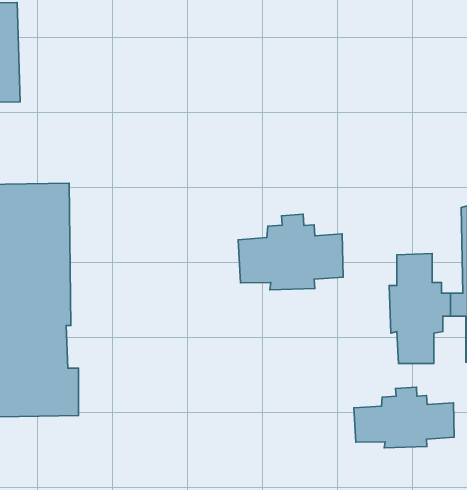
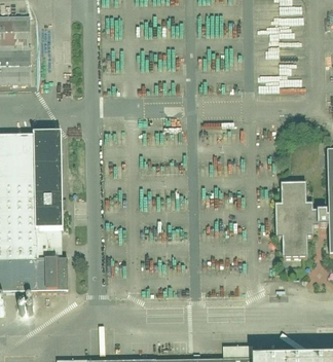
building: [238,214,343,290] -> none
building: [354,387,454,448] -> none

